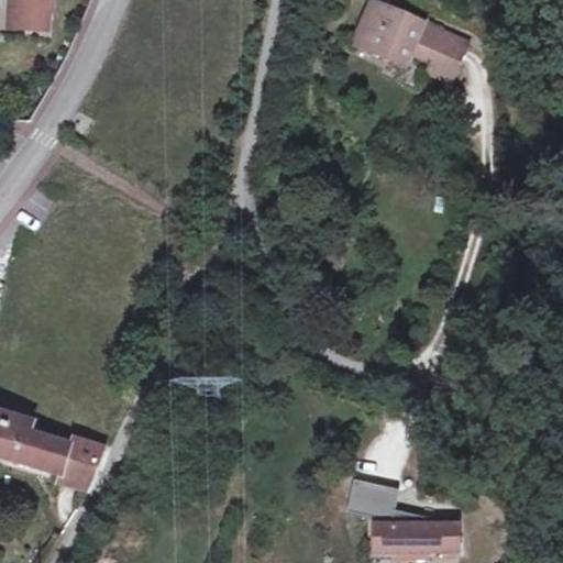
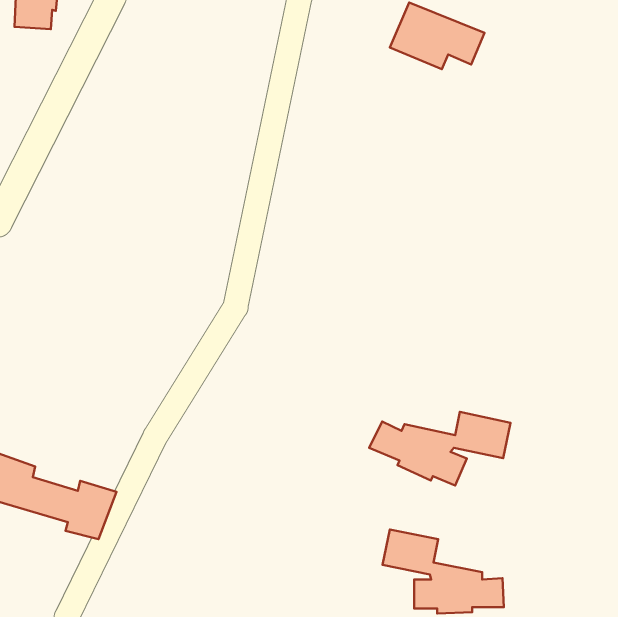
building: [426,30,464,80] -> none
building: none -> [369,412,511,485]

